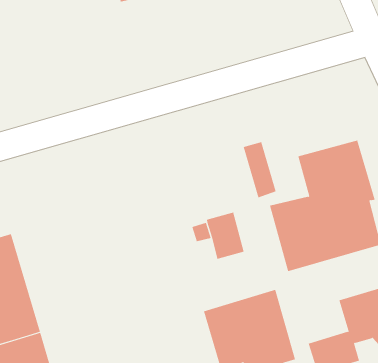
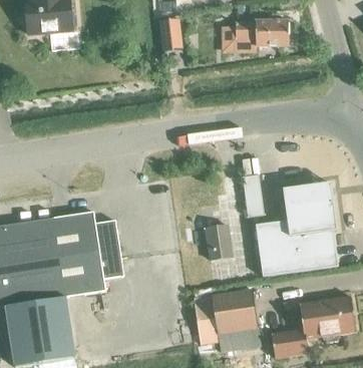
building: none -> [54,212,125,297]

